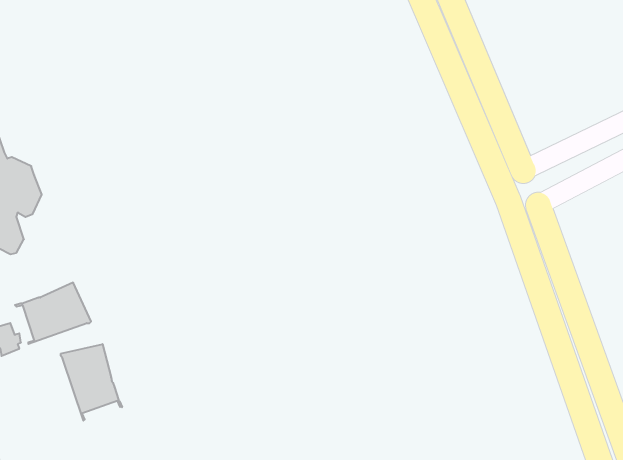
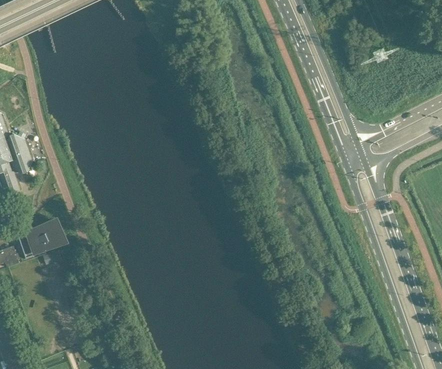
building: [61,344,122,421] -> none

